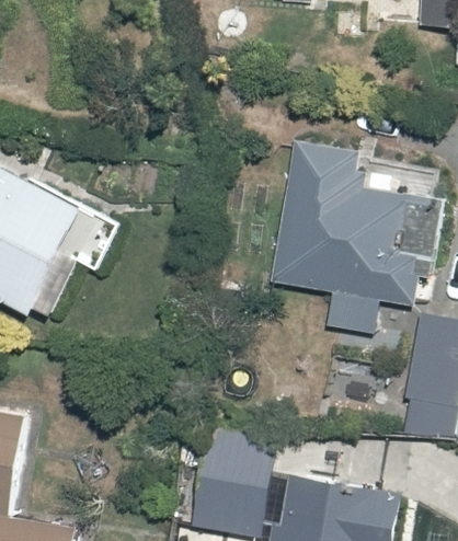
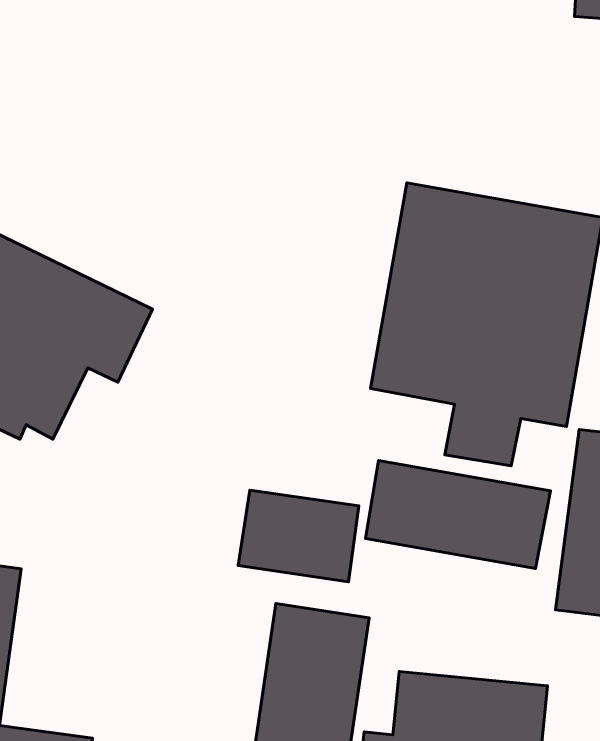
building: none -> [366,460,551,568]
building: none -> [238,490,359,582]

